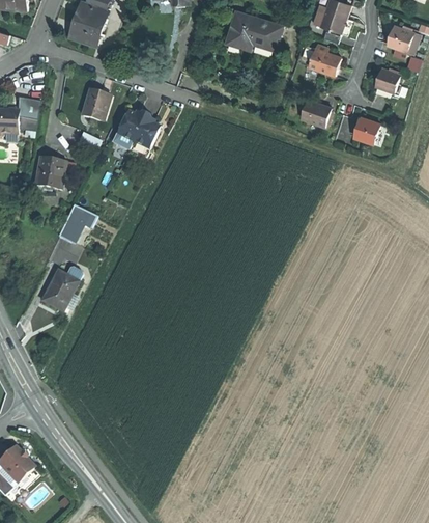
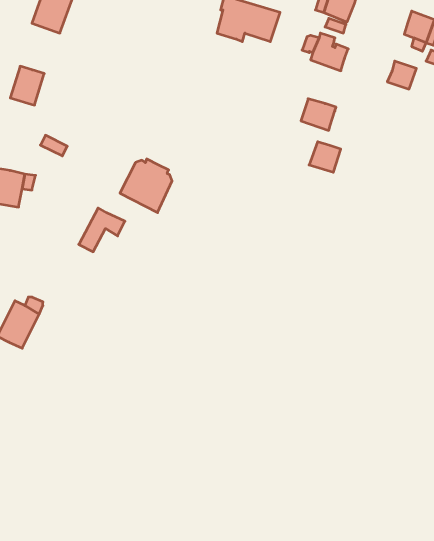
building: [82,89,111,122] -> [10,66,44,105]
building: [113,112,158,158] -> [120,159,172,213]
building: [352,115,379,141] -> [309,142,341,172]
building: [57,204,96,242] -> [79,208,125,252]

